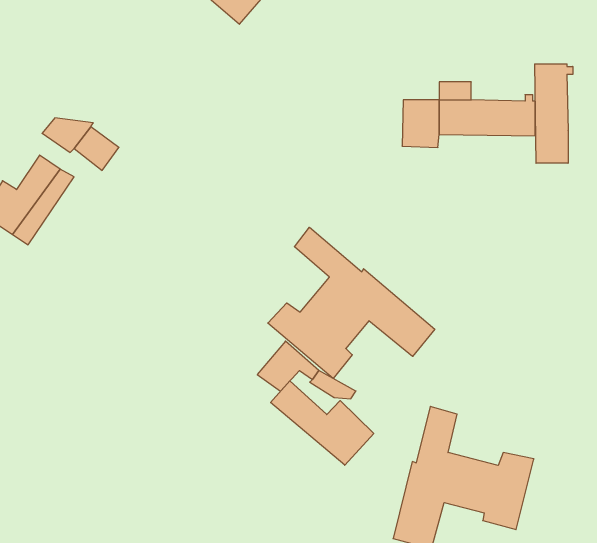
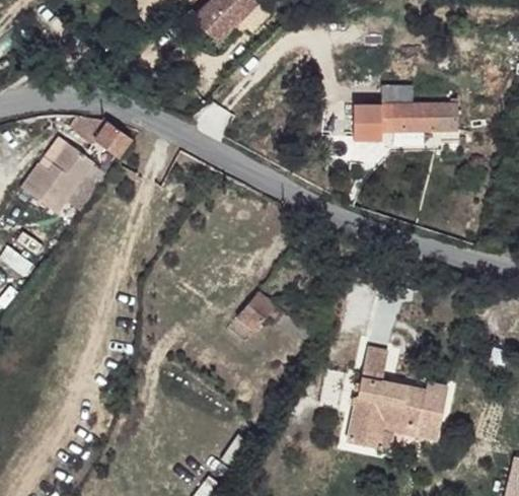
building: [535,64,573,163] -> none
building: [268,227,435,378] -> none
building: [271,381,374,465] -> none

